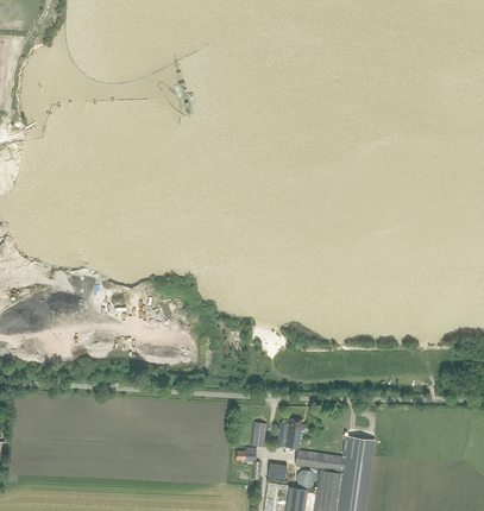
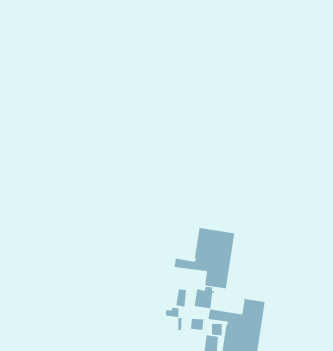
building: none -> [174,227,235,289]

